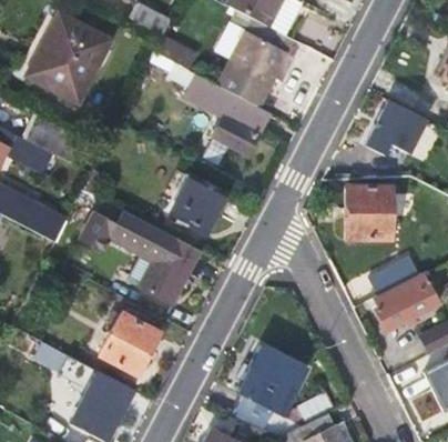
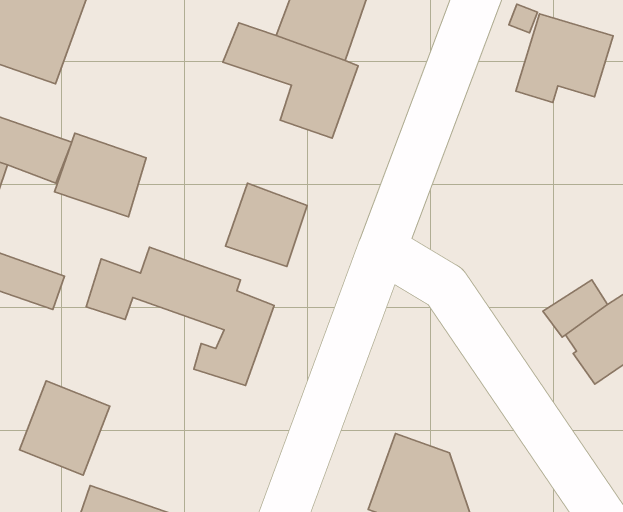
building: none -> [55,133,146,217]
building: [348,185,404,240] -> none
building: [96,312,156,374] -> [20,381,110,475]

